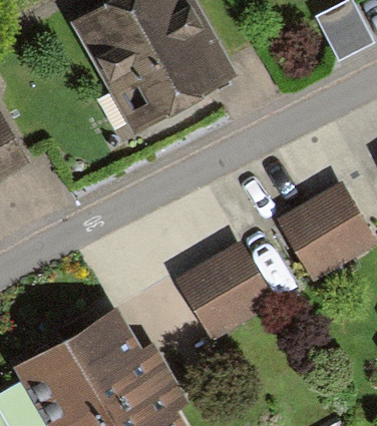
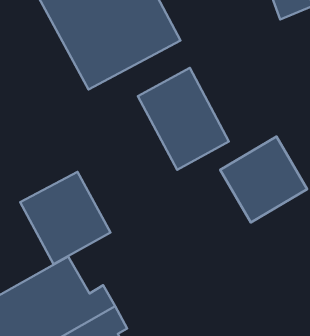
building: none -> [138,68,229,170]
building: [174,242,273,342] -> [20,172,111,264]

